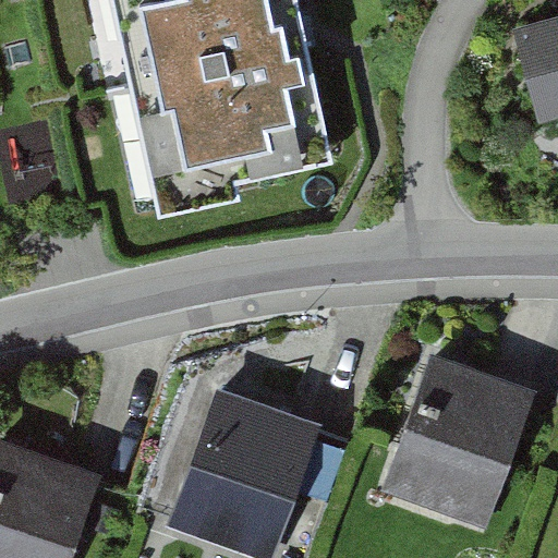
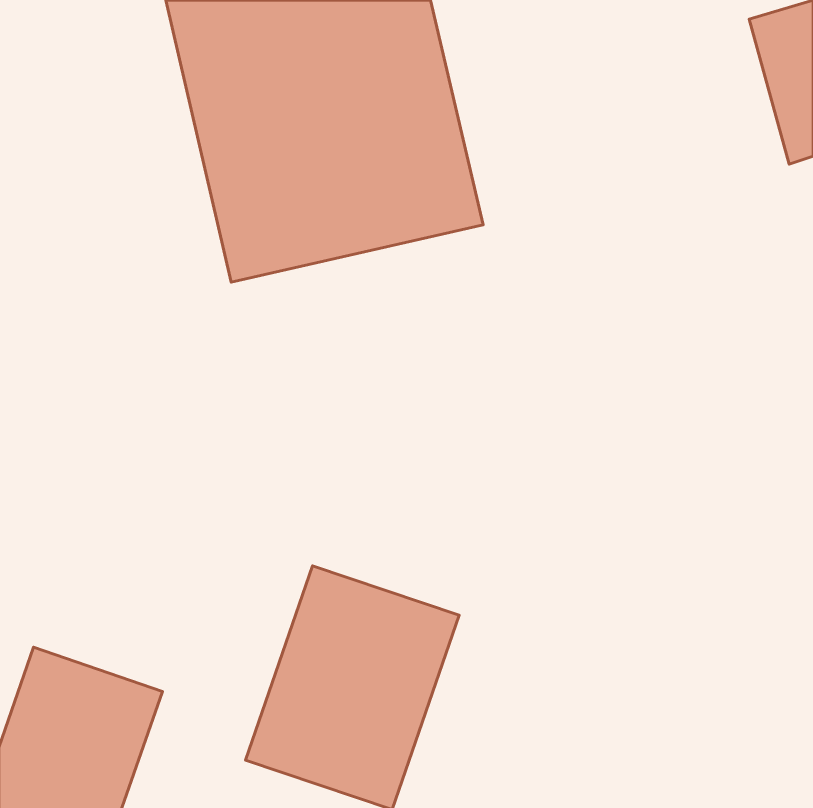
building: [387,355,532,521] -> none

